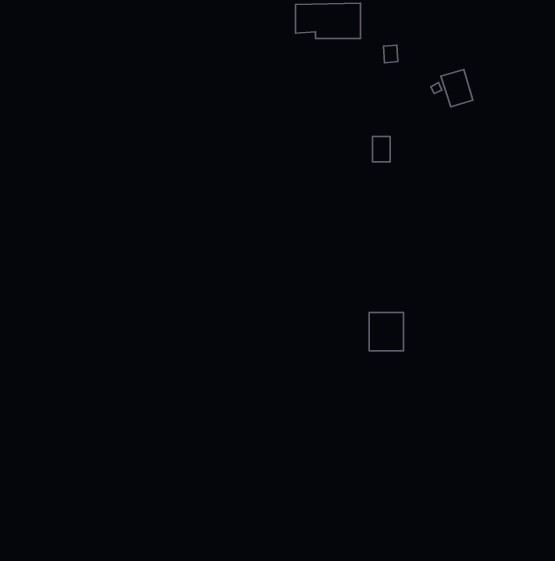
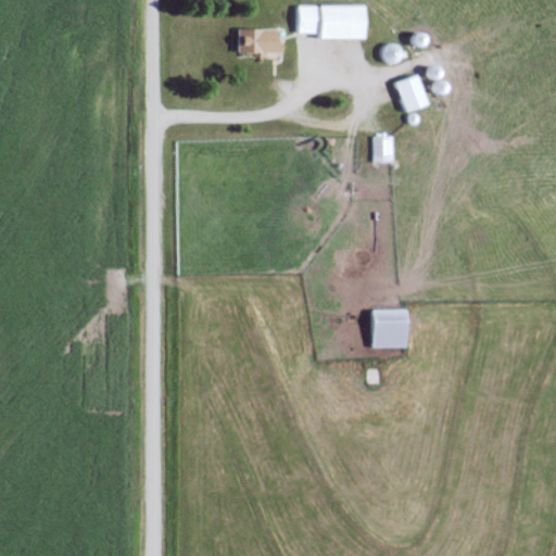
building: none -> [239,29,281,54]
building: [441,70,473,107] -> [395,75,427,112]

